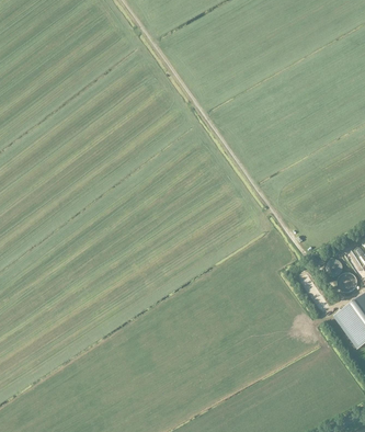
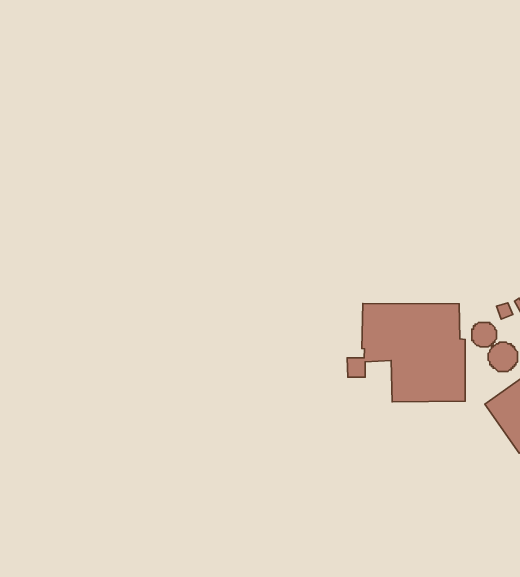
building: none -> [347,304,465,402]

